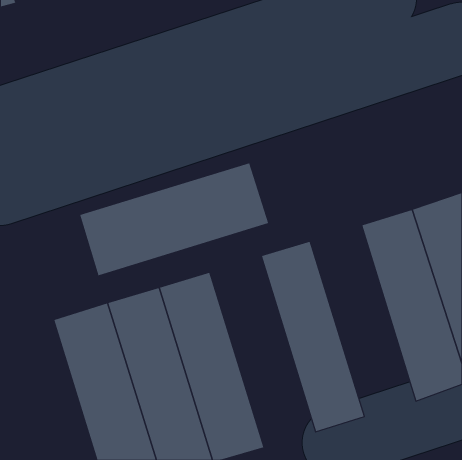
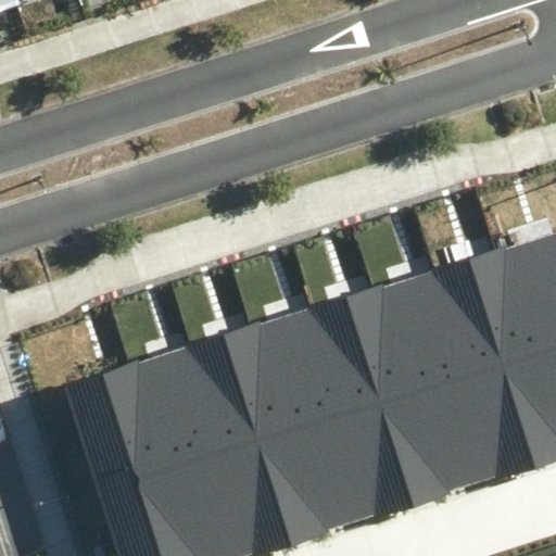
building: [79,163,269,276] -> none
building: none -> [372,270,500,501]
building: none -> [252,307,379,538]

